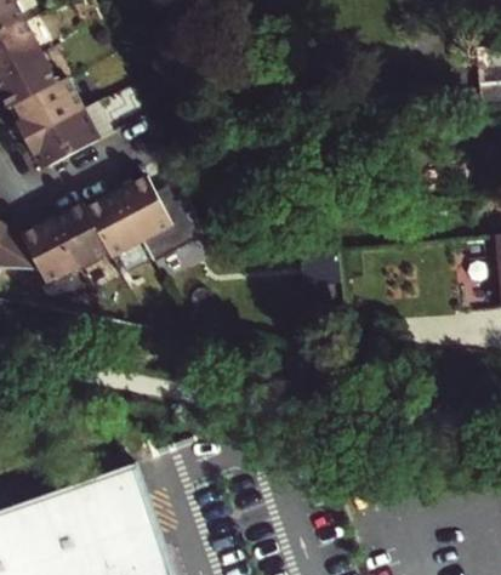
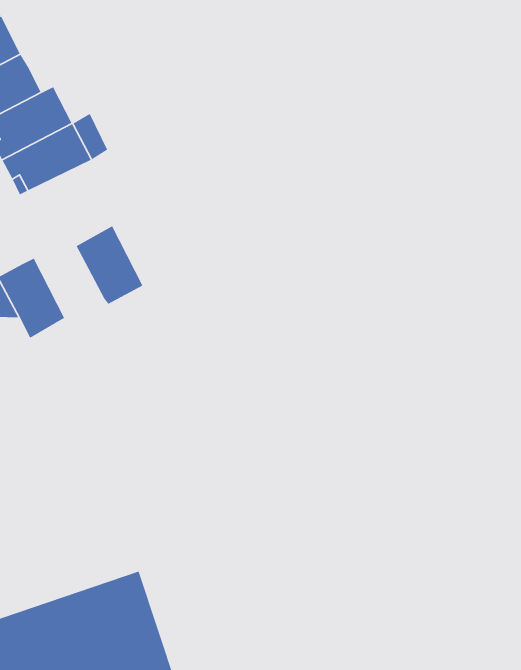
building: [119,178,176,244] -> none
building: [55,205,112,271] -> none

